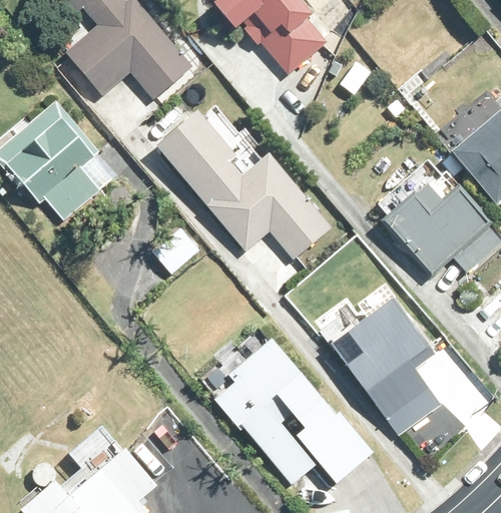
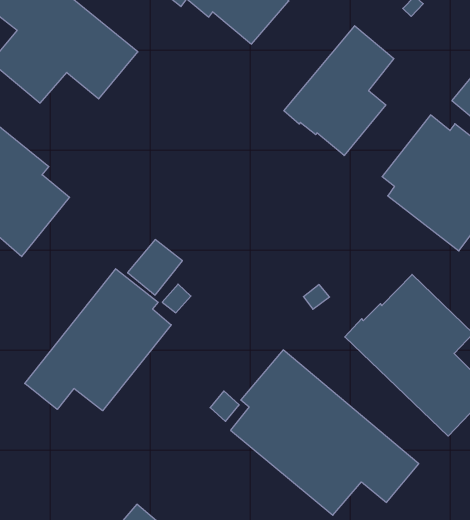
building: none -> [284,26,394,156]
building: [154,109,331,256] -> none
building: none -> [25,269,171,411]

